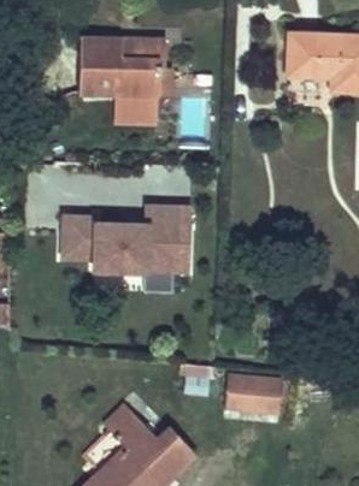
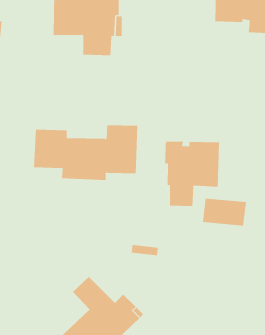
building: none -> [165,141,219,207]
building: [224,375,282,411] -> [202,198,247,226]

